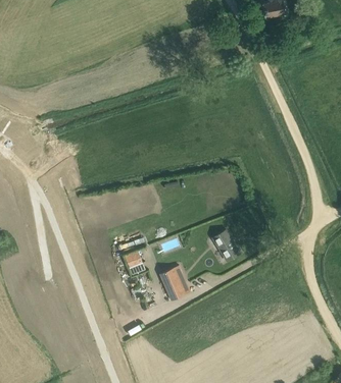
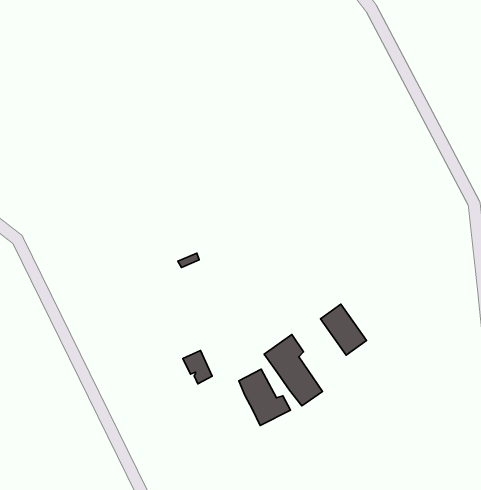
building: none -> [264,335,323,406]

